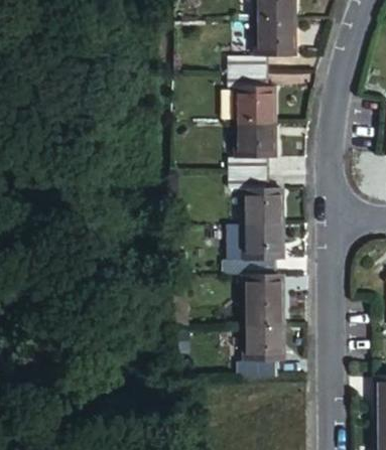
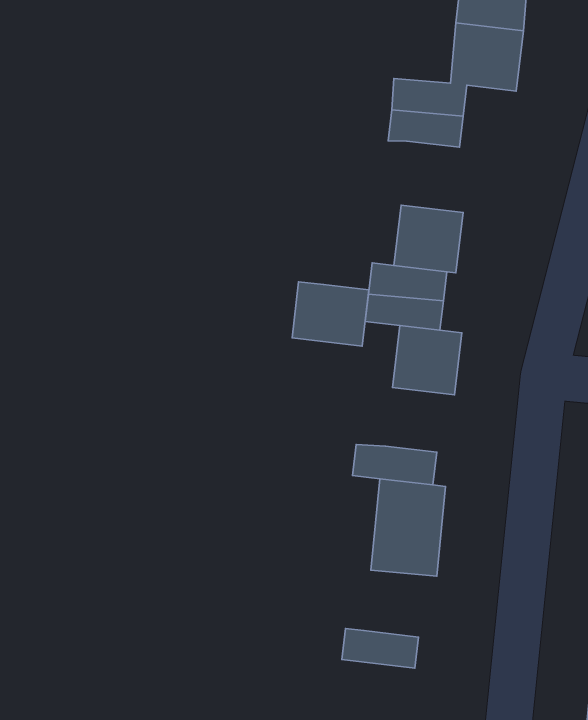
building: [239,91,274,126] -> none
building: none -> [292,282,369,346]
building: [247,226,281,258] -> none
building: [247,325,283,359] -> none

